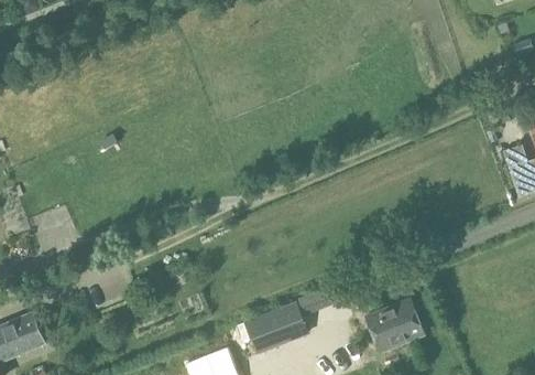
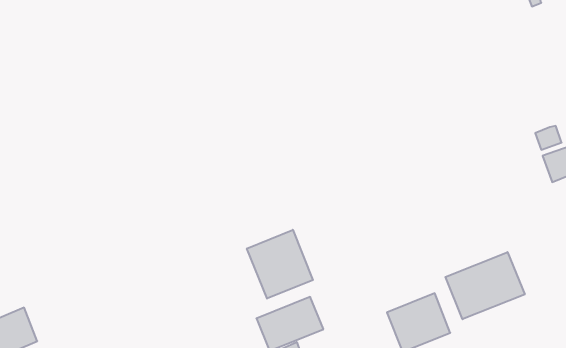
building: none -> [247,230,313,299]
building: none -> [445,252,525,319]

